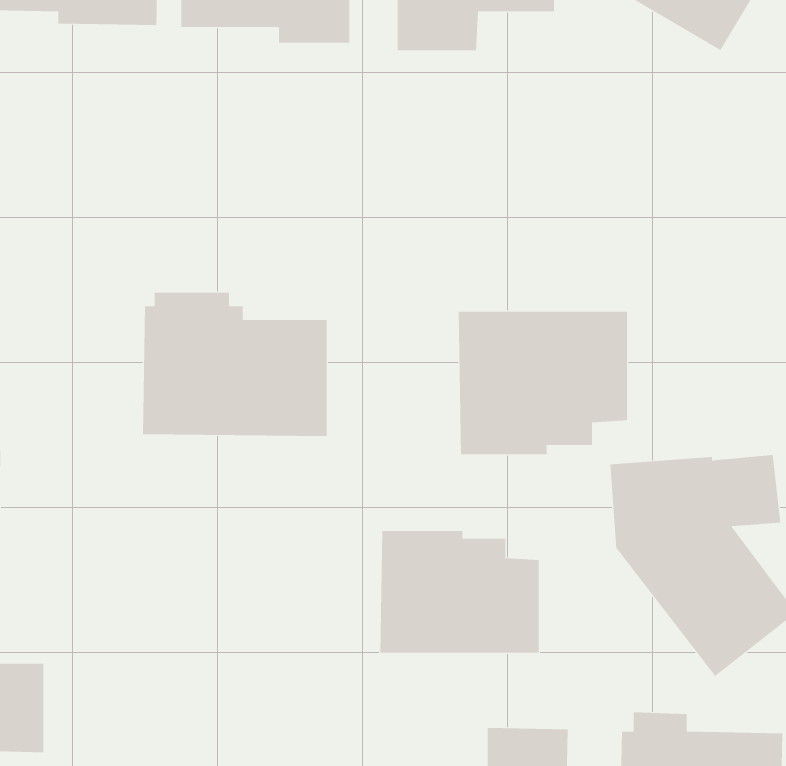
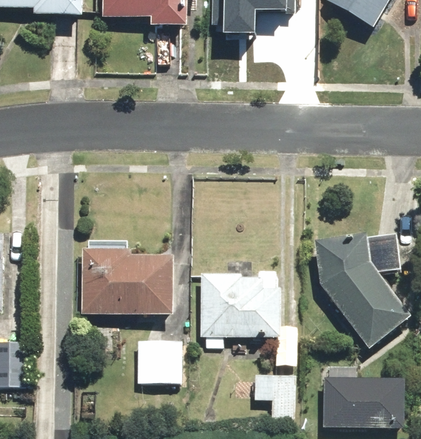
building: [142,292,327,436] -> [81,240,176,314]
building: [458,311,628,455] -> none
building: none -> [137,339,182,383]

